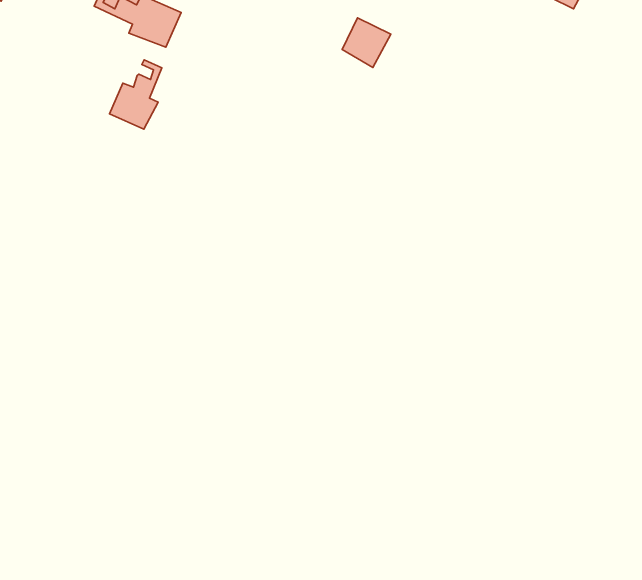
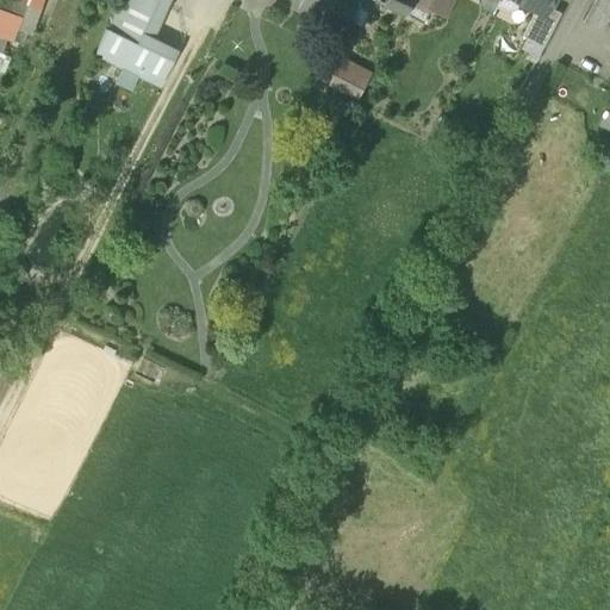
building: [109,60,162,129] -> none

